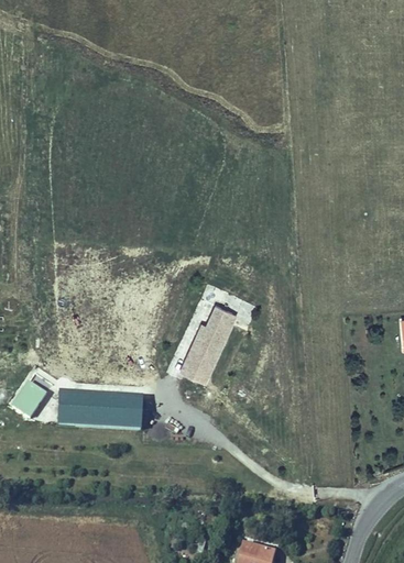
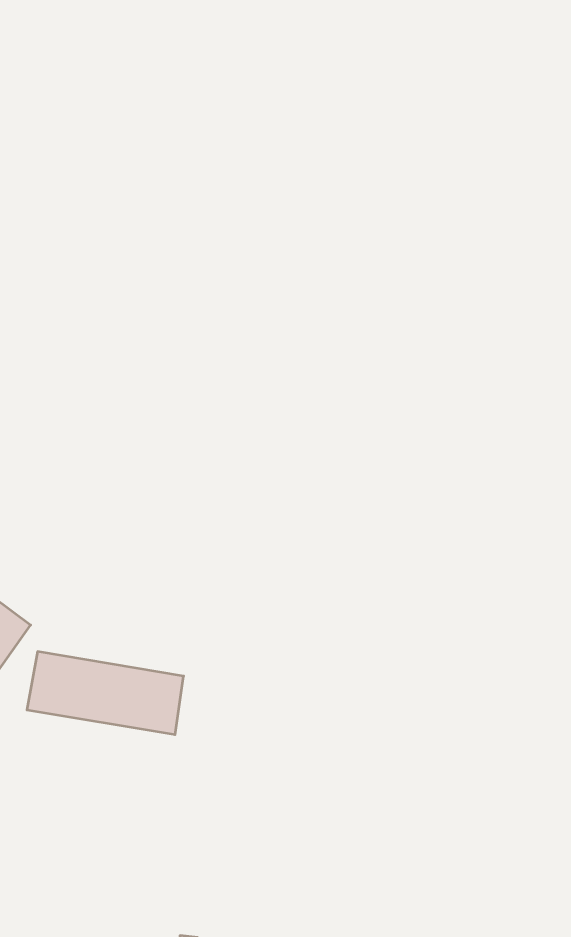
building: [184,305,239,383] -> none

